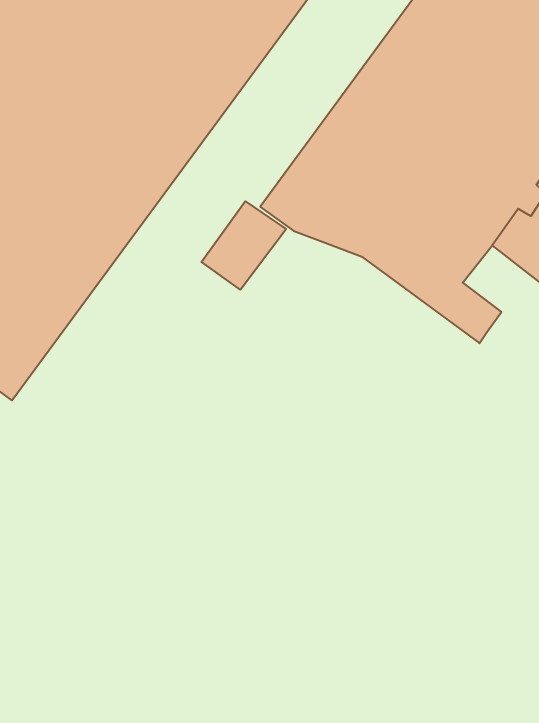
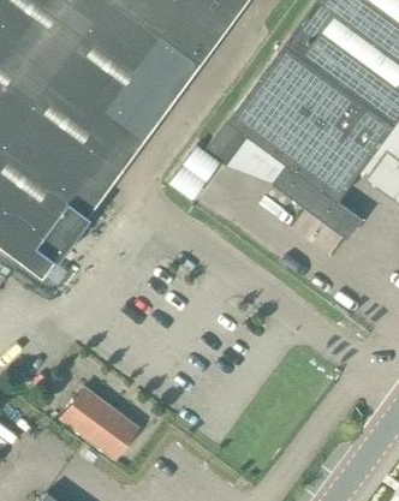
building: none -> [62,389,139,460]

